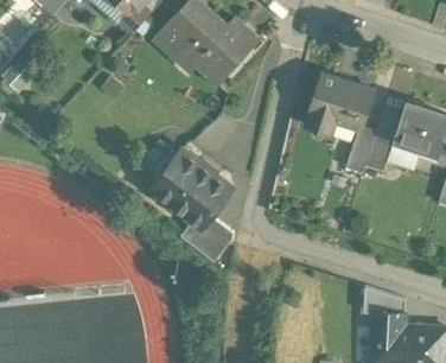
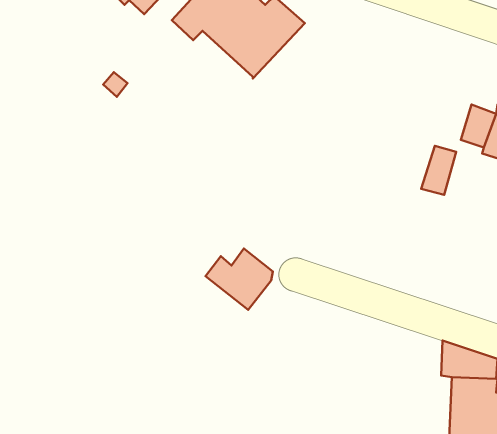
building: [307,75,374,133] -> none
building: [152,151,231,228] -> none

